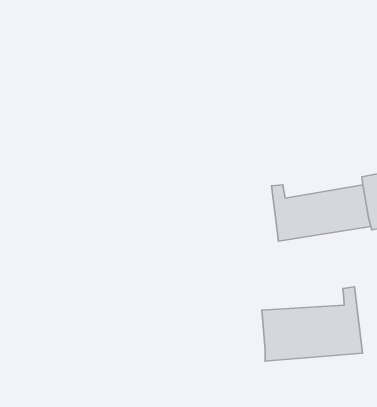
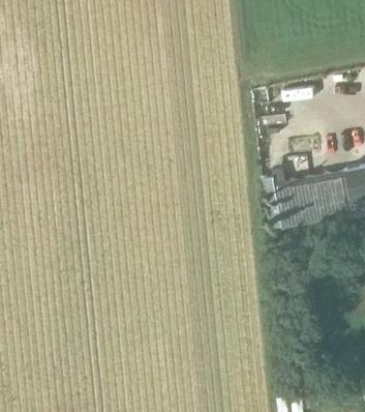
building: [262,287,363,361] -> none

